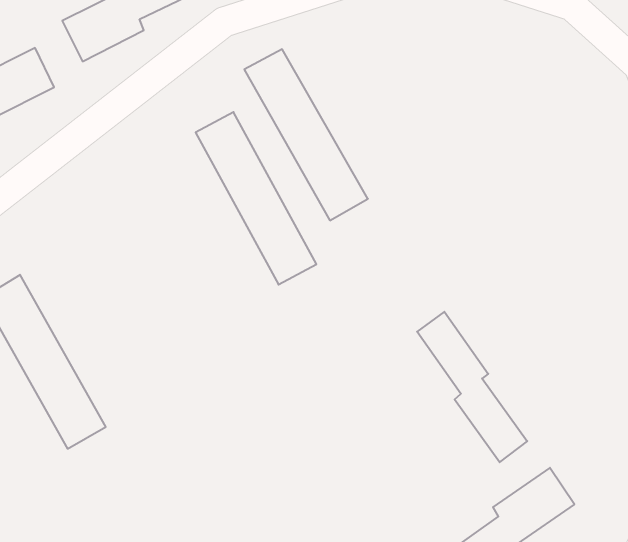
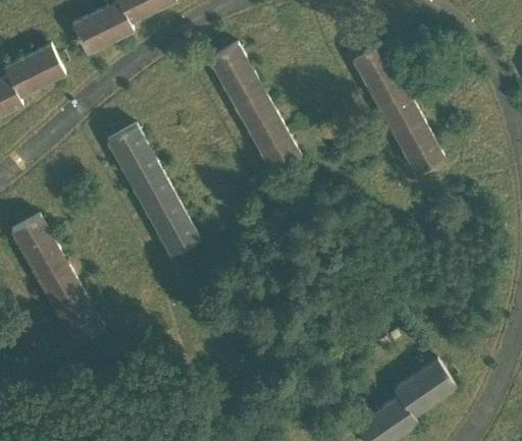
building: none -> [353,45,445,174]
building: [196,112,316,285] -> [109,126,200,256]
building: [417,312,527,462] -> none

